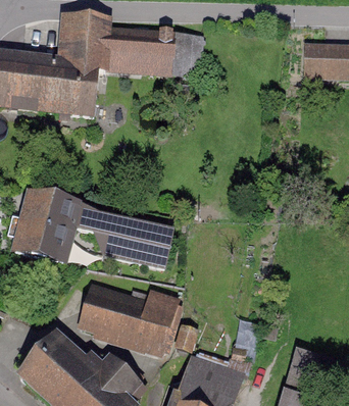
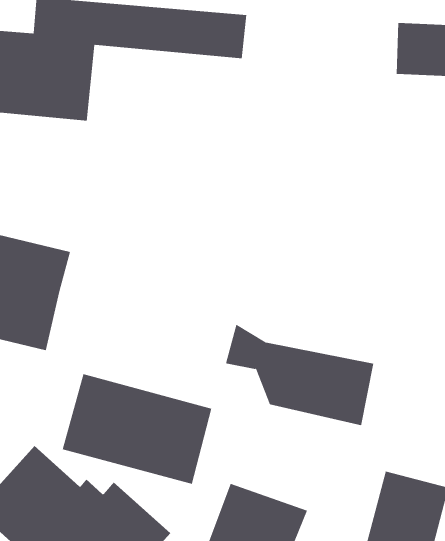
building: [76,199,176,267] -> [225,324,374,426]

